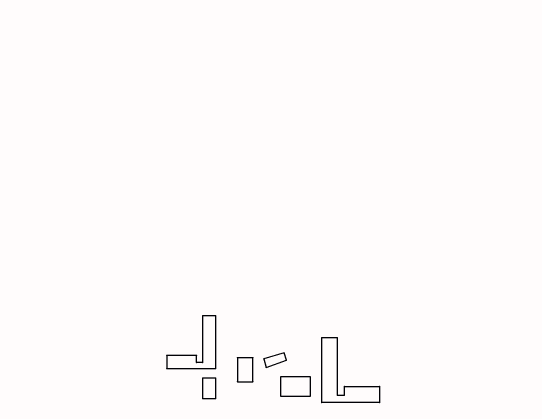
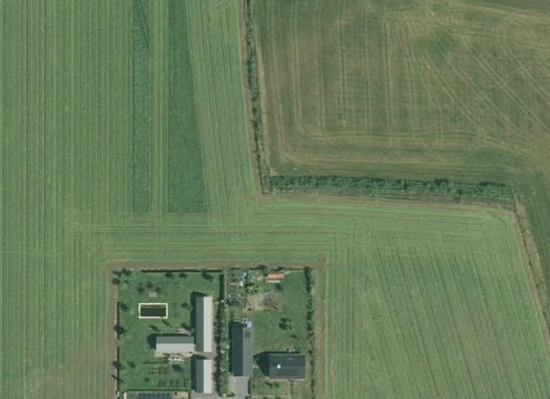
building: [322,338,380,403] -> none

